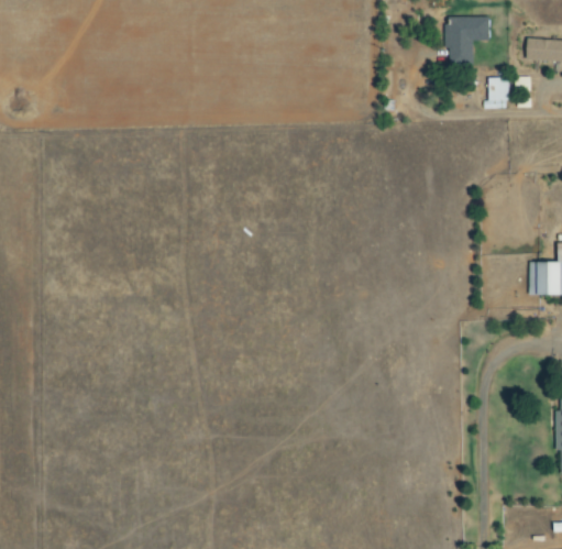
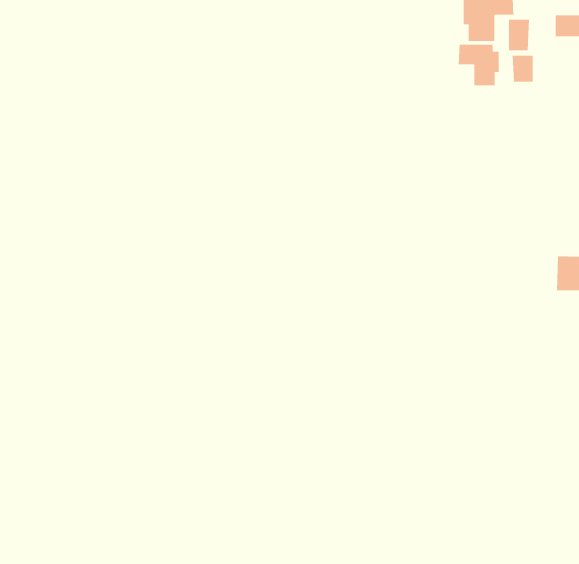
building: none -> [508,19,530,51]
building: none -> [458,44,499,86]

